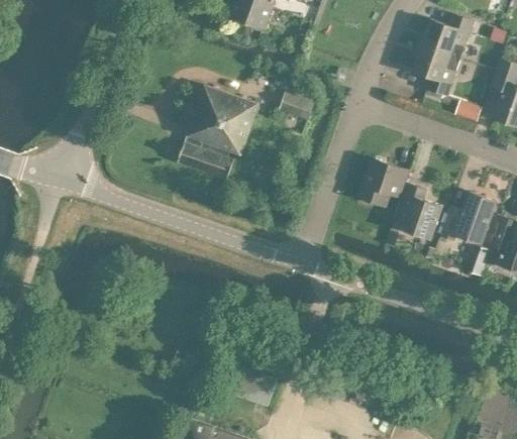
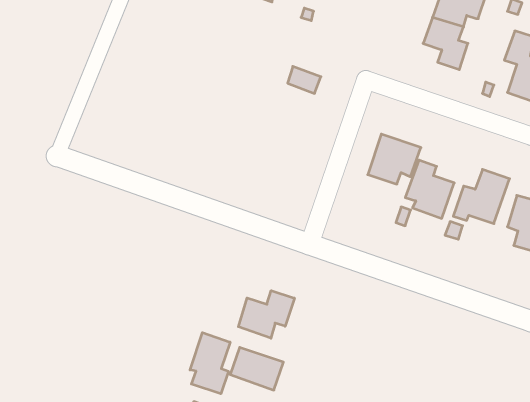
building: [178,86,260,180] -> none
building: none -> [238,291,294,338]
building: none -> [190,333,230,394]

